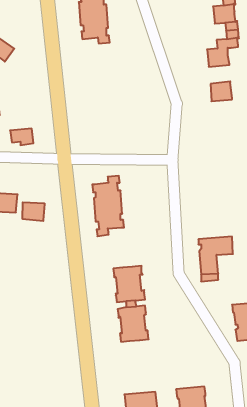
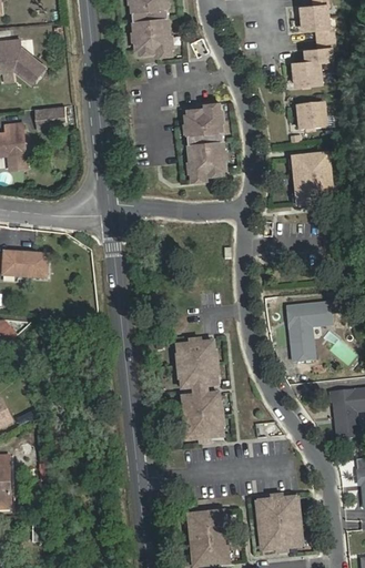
building: none -> [294,150,337,206]
building: [10,129,33,145] -> [37,104,67,125]
building: [92,176,124,236] -> [182,106,223,184]
building: [23,202,44,221] -> none

